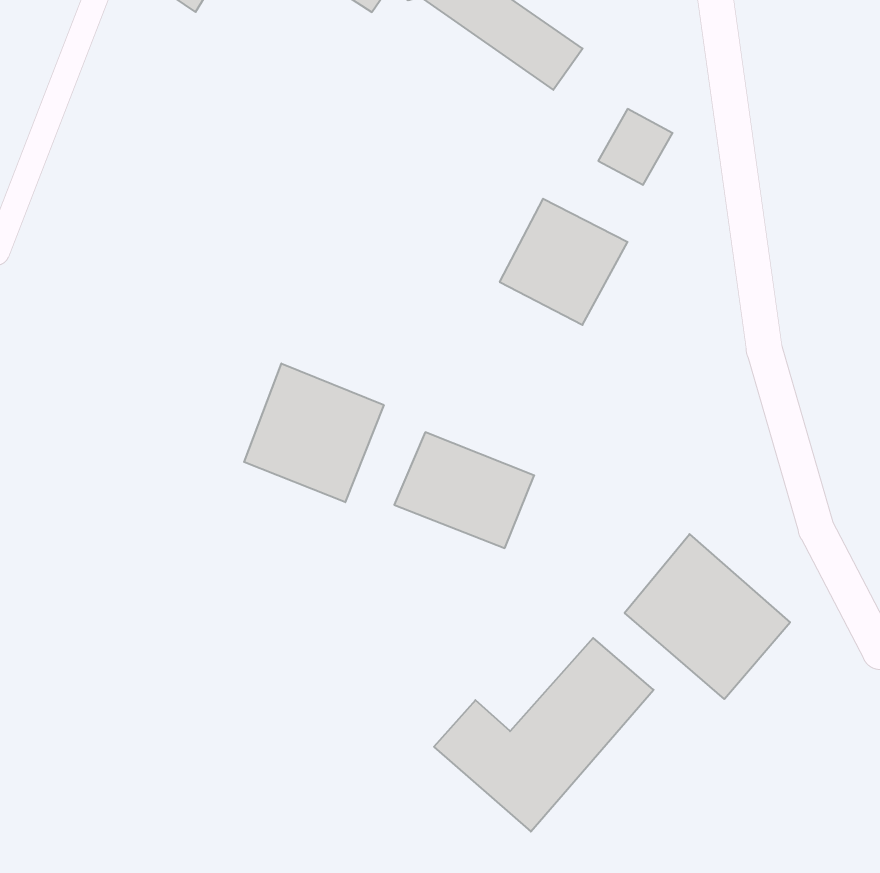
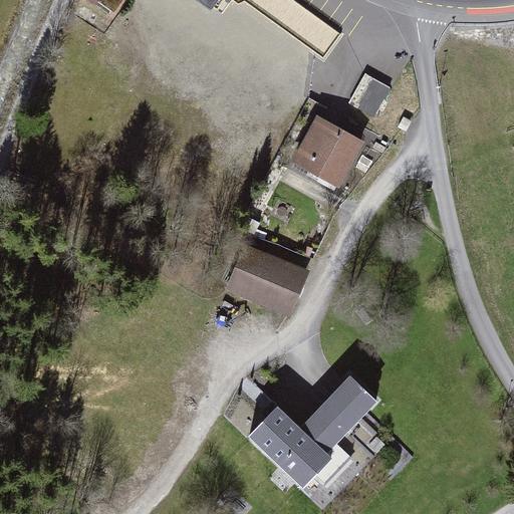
building: [244,363,384,502] -> none
building: [625,534,790,699] -> none

